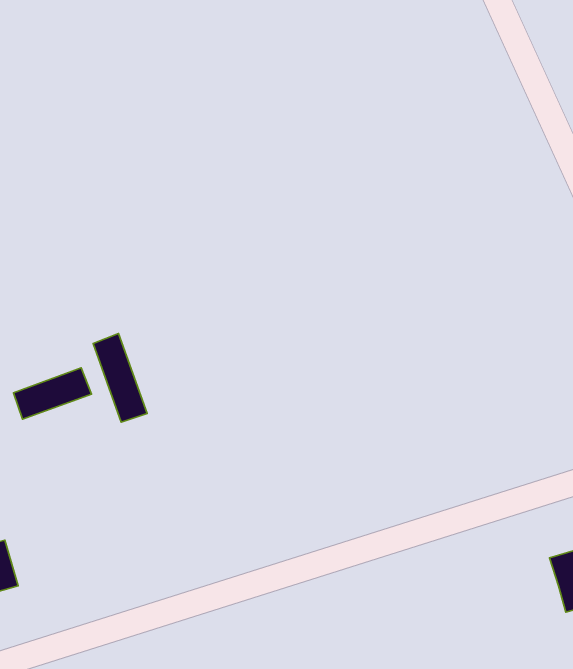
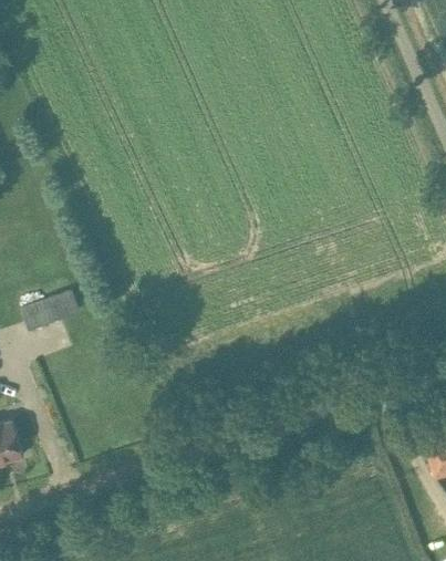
building: [93,334,147,422] -> none

